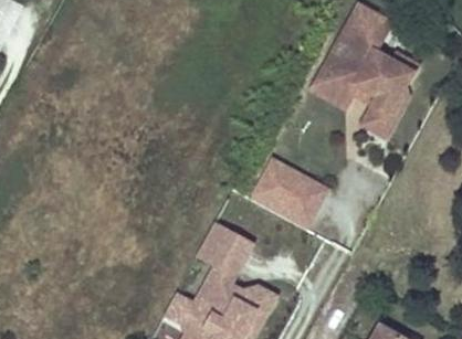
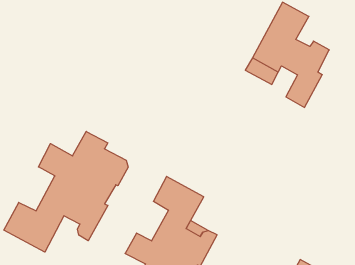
building: [251,160,325,227] -> none
building: none -> [4,131,128,252]

